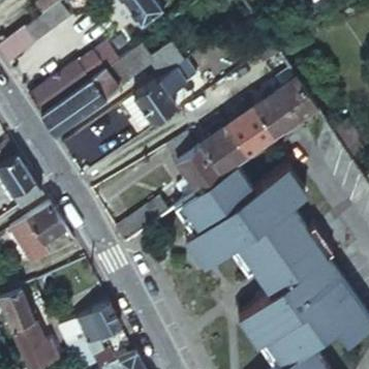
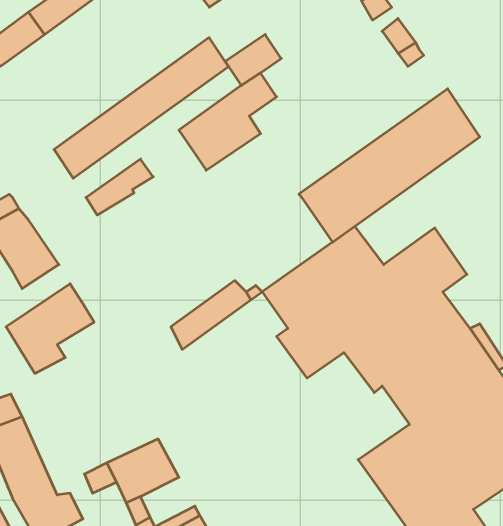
building: [29,43,120,116] -> none
building: [165,135,221,201] -> none

